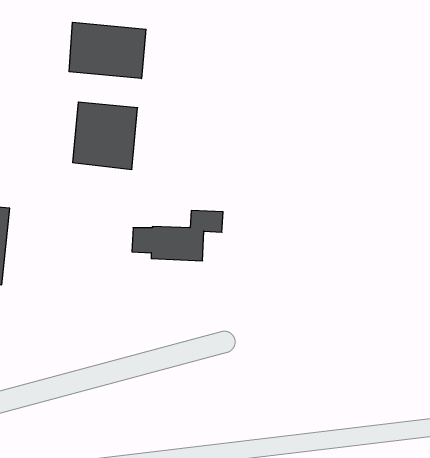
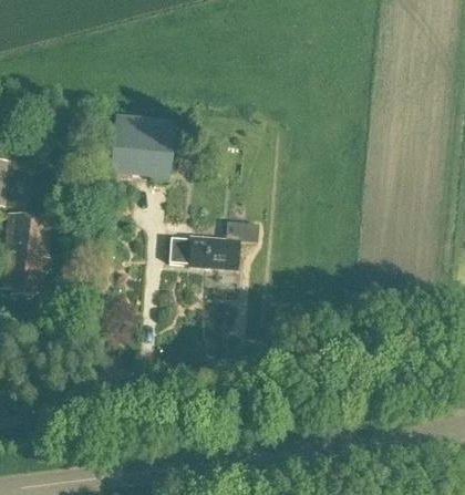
building: [69,22,146,79] -> none

